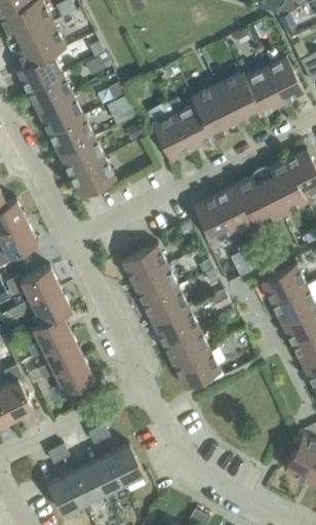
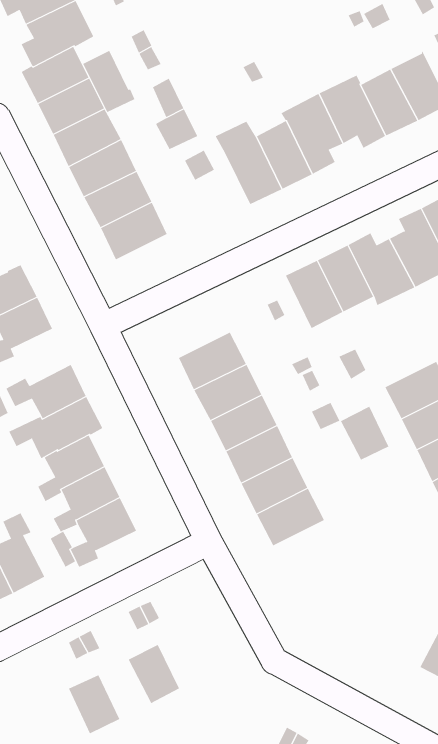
building: none -> [83,49,135,113]
building: none -> [340,406,389,460]
building: [108,443,143,483] -> none
building: [68,463,103,503] -> none

